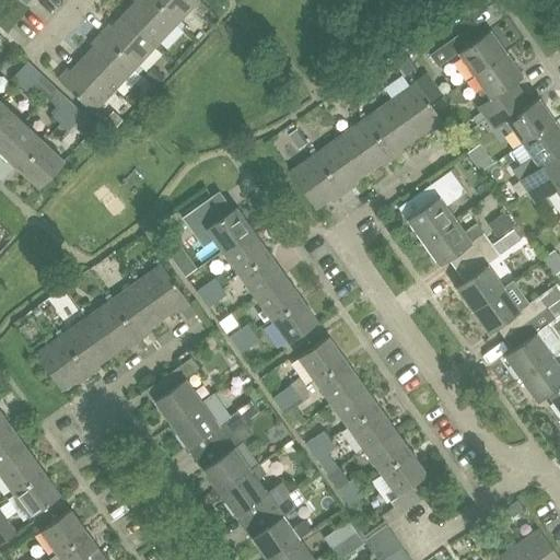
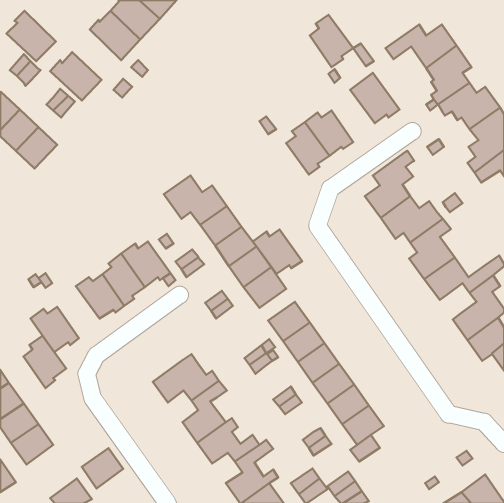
building: [80,34,135,90] -> [7,11,56,61]
building: [368,101,416,159] -> [310,15,353,67]
building: [288,160,342,209] -> [253,230,302,274]
building: [63,318,110,376] -> [24,336,66,388]
building: [153,359,201,424] -> none
building: [39,509,85,553] -> [82,448,123,489]

